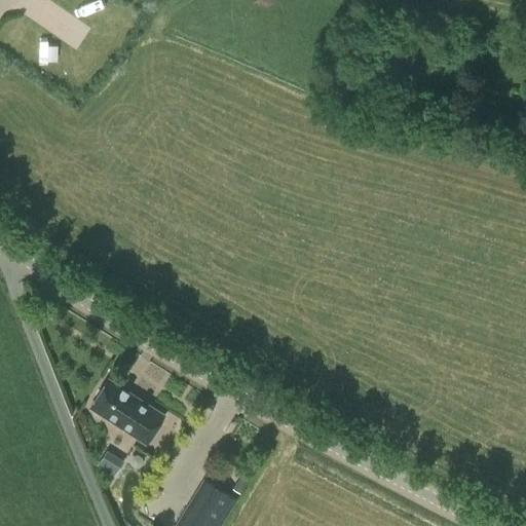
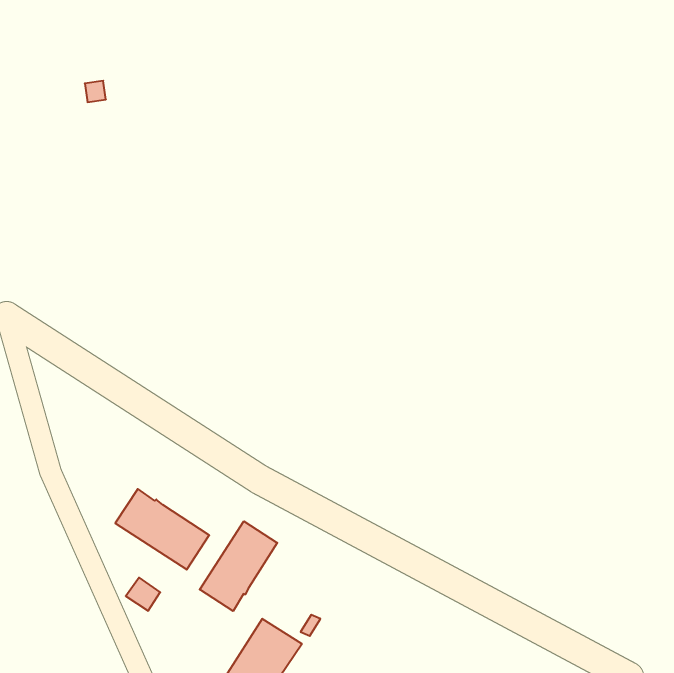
building: none -> [200,521,277,611]

